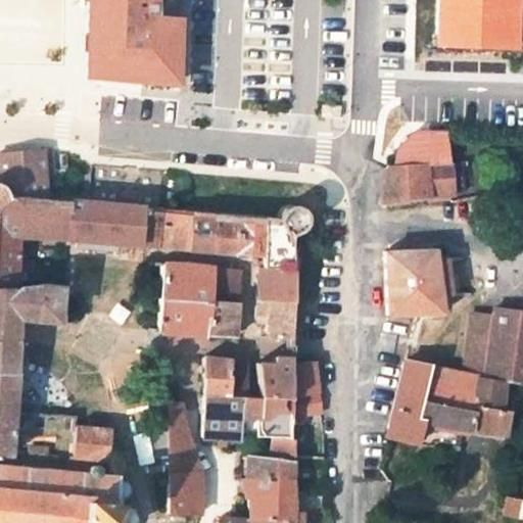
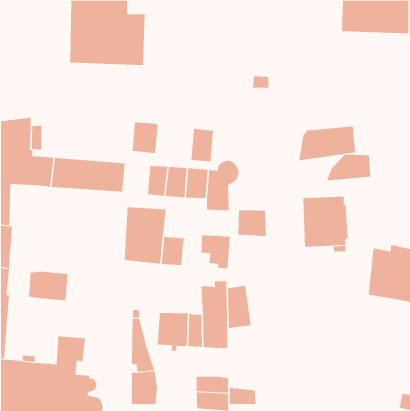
building: [394,133,450,167] -> [327,154,371,181]
building: none -> [191,128,213,162]
building: [159,208,193,248] -> [132,122,158,153]
building: [210,267,240,303] -> none
building: [258,268,295,301] -> [237,210,267,236]
building: [18,285,69,323] -> [28,271,69,301]
building: [202,359,249,399] -> none
building: [387,362,510,444] -> none
building: [250,442,293,480] -> none

